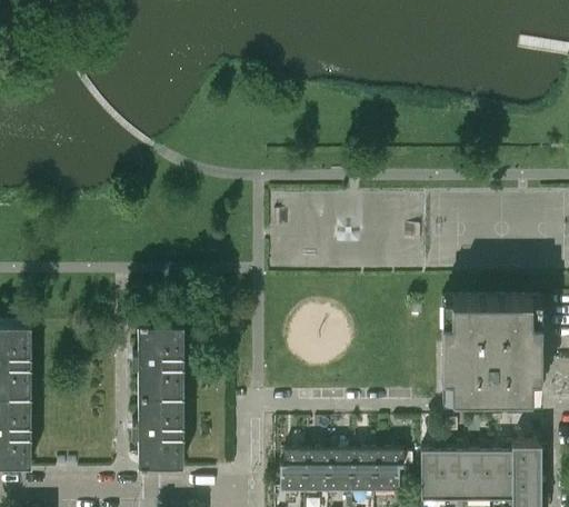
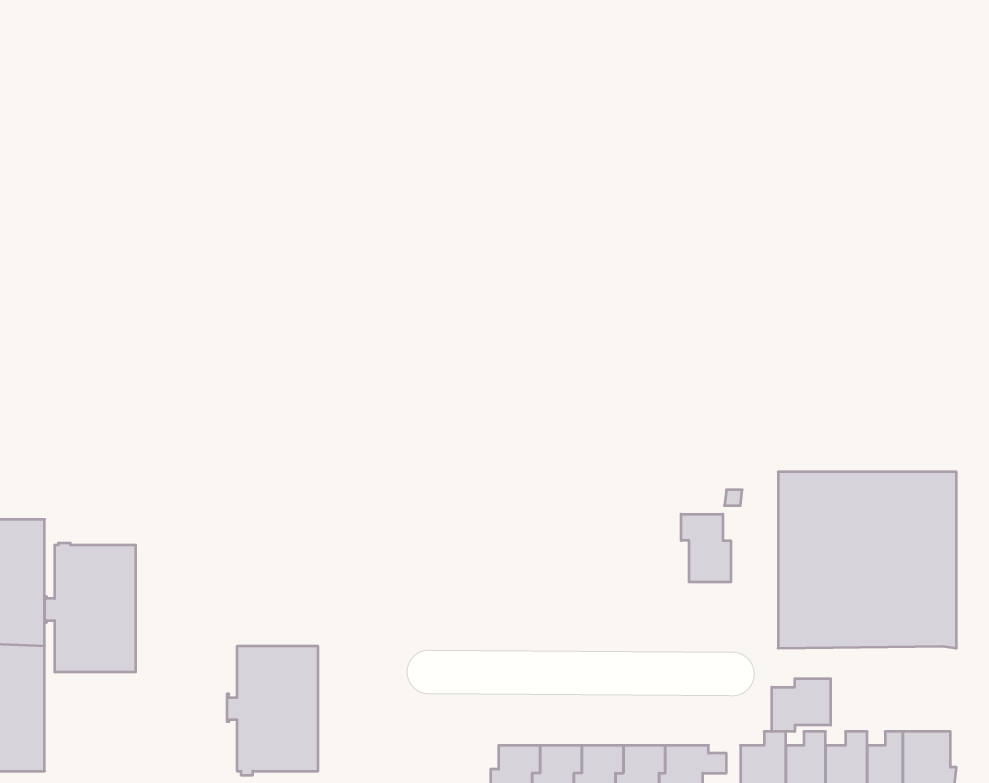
building: none -> [681,514,731,582]
building: [132,324,183,396] -> [45,543,136,672]
building: none -> [772,679,831,732]

